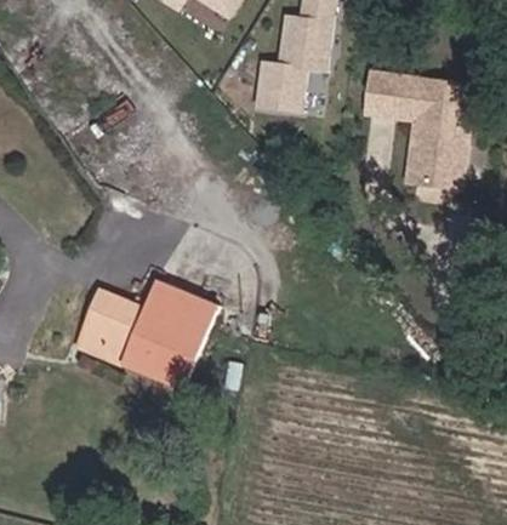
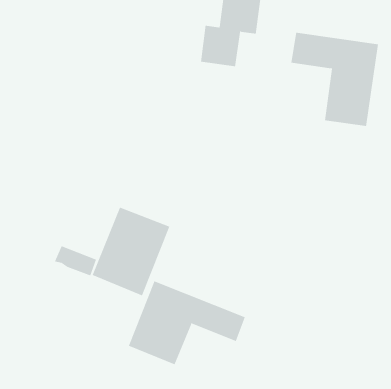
building: [82,295,141,347] -> none
building: none -> [128,281,245,365]

